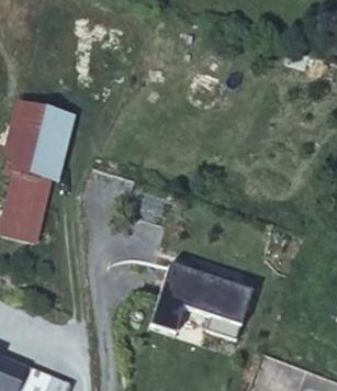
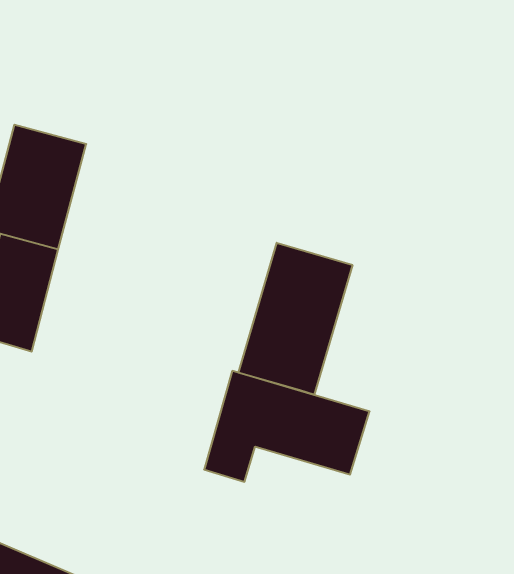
building: none -> [238,243,352,395]

